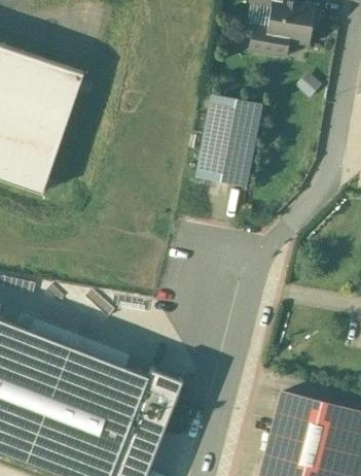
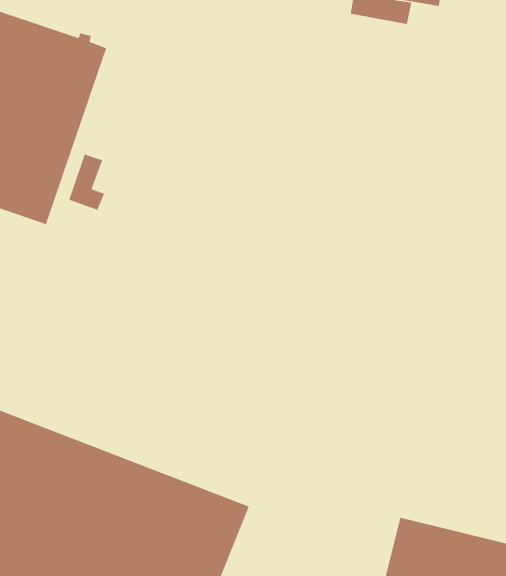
building: [195,93,261,185] -> none
building: none -> [68,154,105,211]

